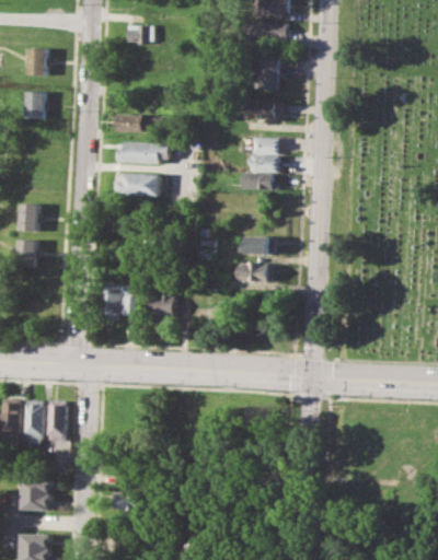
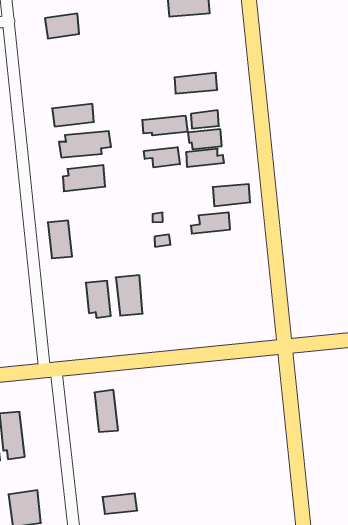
building: [254,57,276,89] -> none
building: none -> [142,116,188,135]
building: none -> [144,147,180,167]
building: [235,262,272,282] -> [213,184,250,206]
building: [101,284,122,320] -> [48,221,72,258]
building: [48,401,68,441] -> [94,390,118,432]

